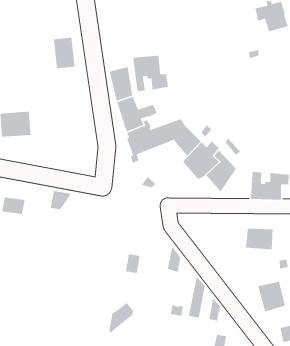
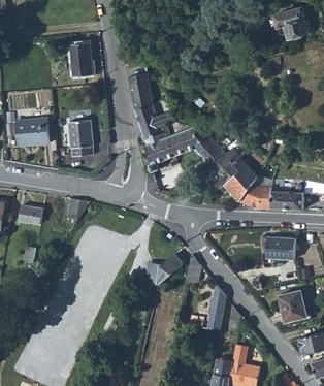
building: [132,55,169,92] -> none
building: none -> [68,120,93,157]
building: none -> [240,178,271,208]
building: [109,302,134,333] -> [156,254,182,285]

